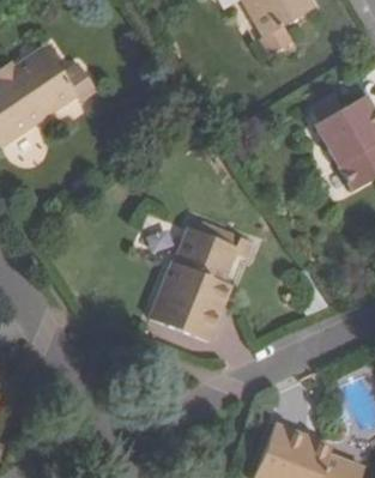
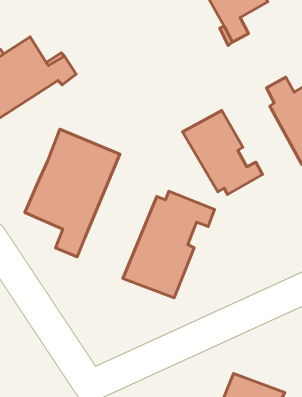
building: none -> [183,111,263,194]
building: none -> [25,129,120,257]

